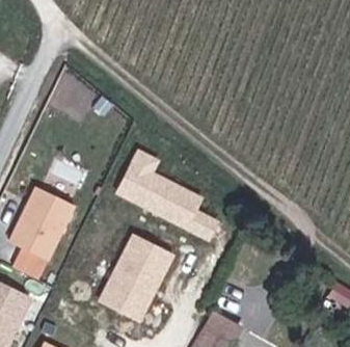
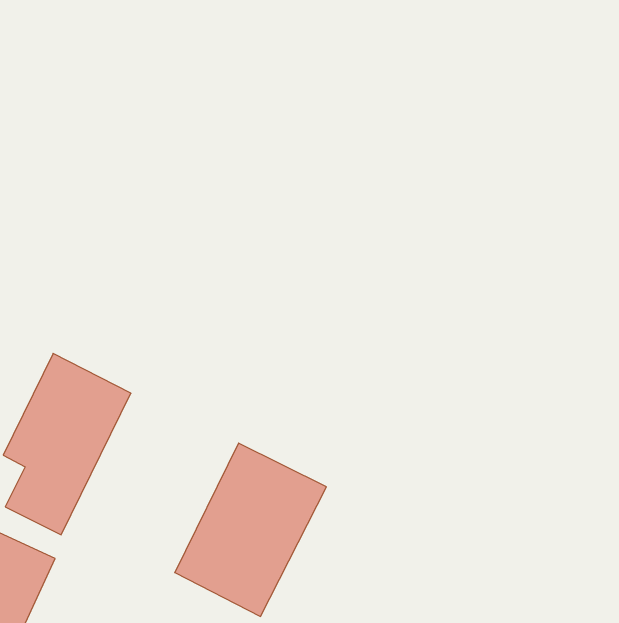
building: [110,150,217,242] -> none

